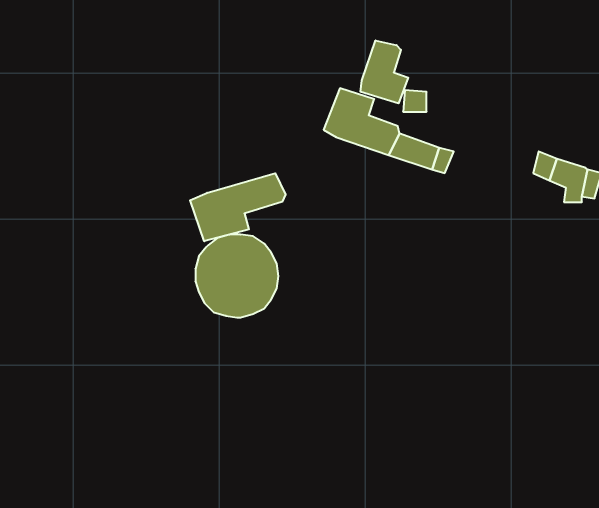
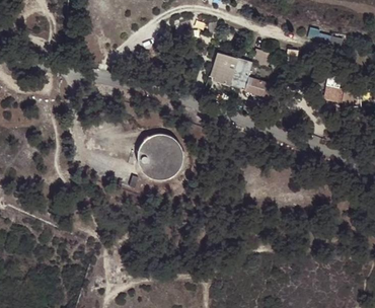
building: [360,40,408,103] -> none
building: [190,173,286,241] -> none

